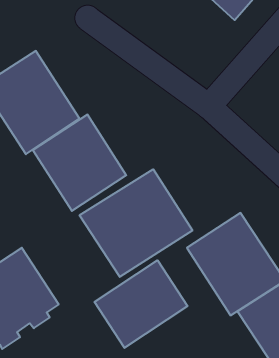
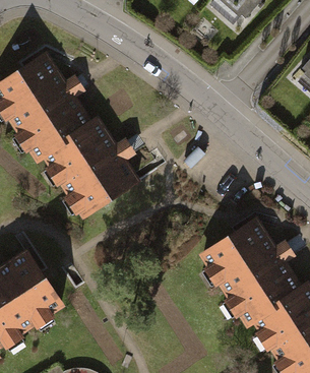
building: [80,169,192,277] -> none
building: [95,260,187,348] -> none

